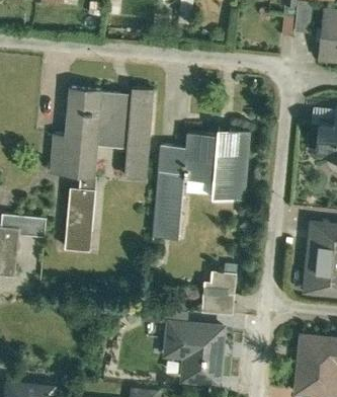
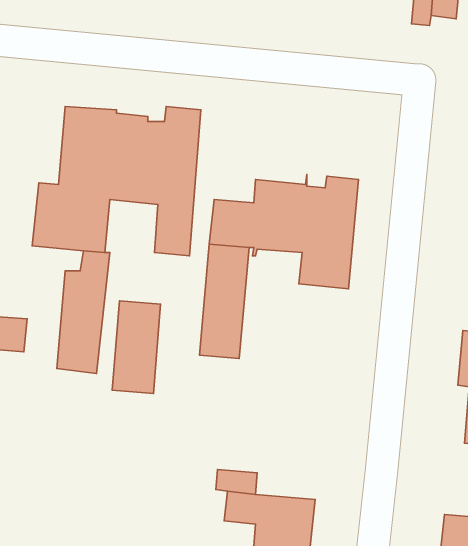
building: none -> [112,301,161,394]
building: [201,265,237,316] -> none

